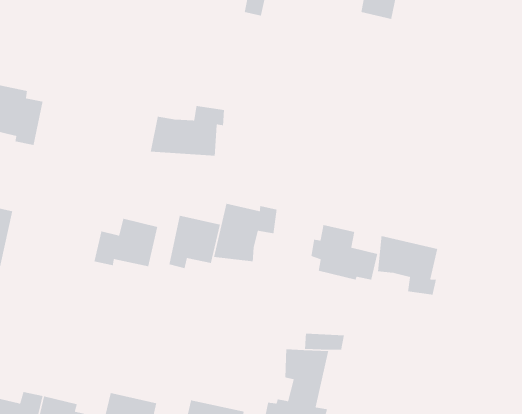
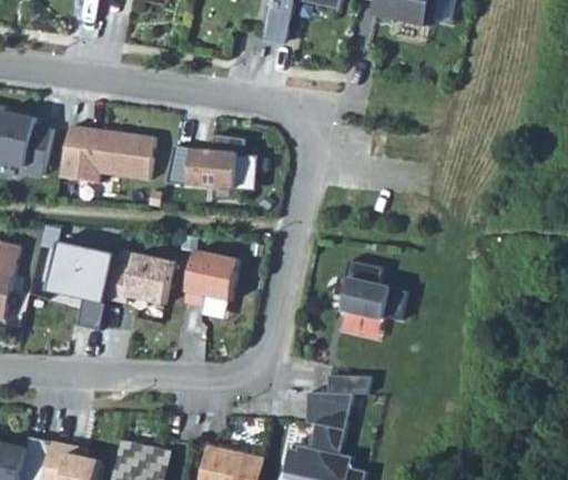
building: none -> [58,125,153,182]
building: [213,203,277,262] -> none
building: none -> [41,248,113,318]
building: [377,235,438,295] -> none

